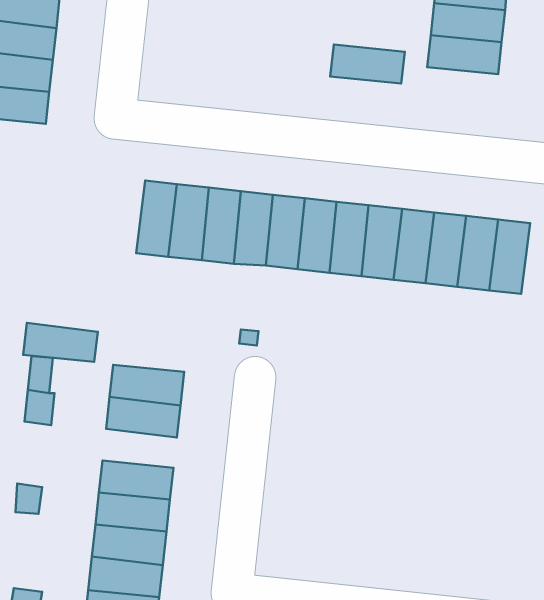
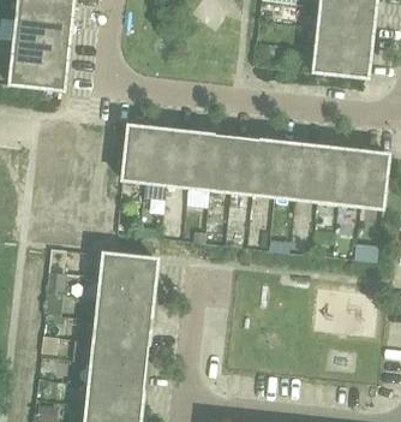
building: [330,45,405,84] -> [316,50,366,77]
building: [23,323,98,362] -> [98,296,149,322]

